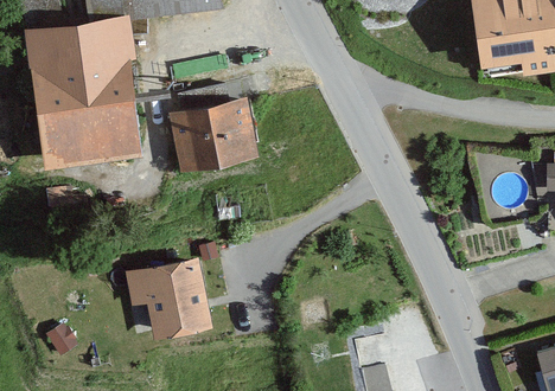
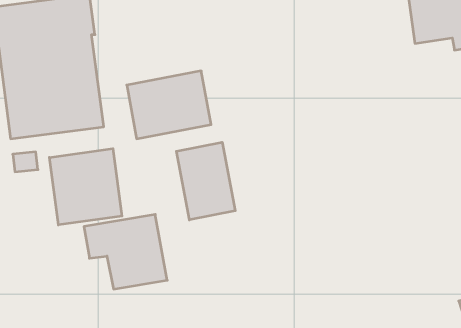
building: none -> [176,142,235,220]
building: none -> [49,149,122,225]

